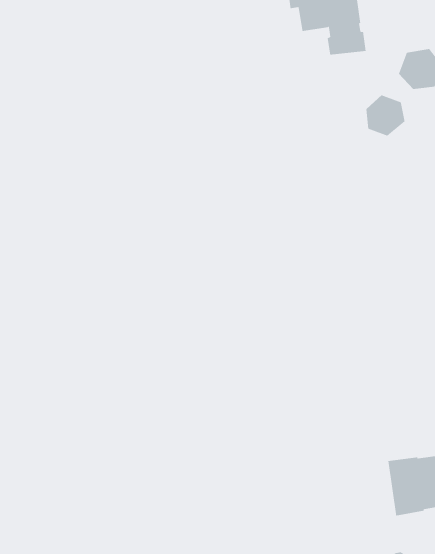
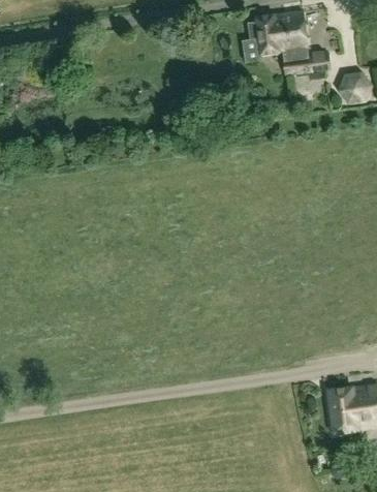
building: [366,94,405,136] -> none

